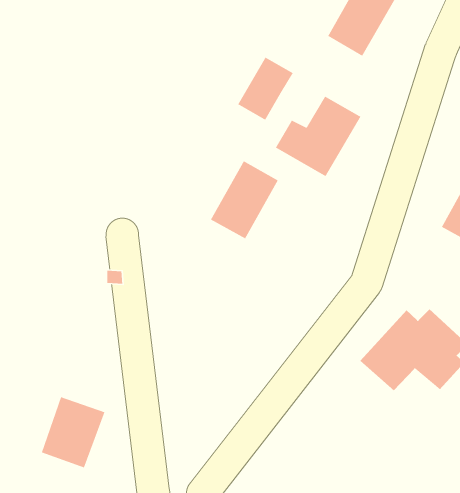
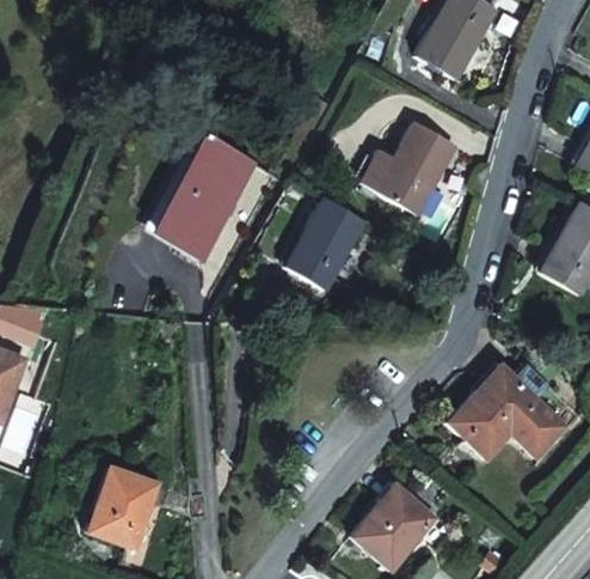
building: [237,57,294,121] -> none
building: none -> [155,140,256,261]
building: none -> [356,484,461,571]

